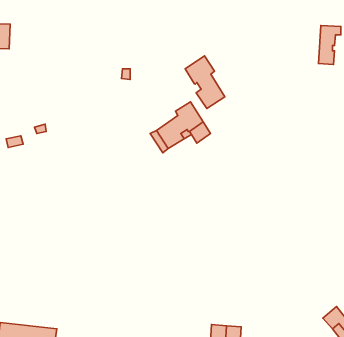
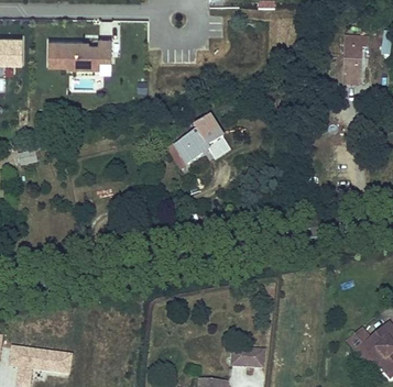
building: none -> [48,41,111,68]
building: [185,56,225,108] -> none

